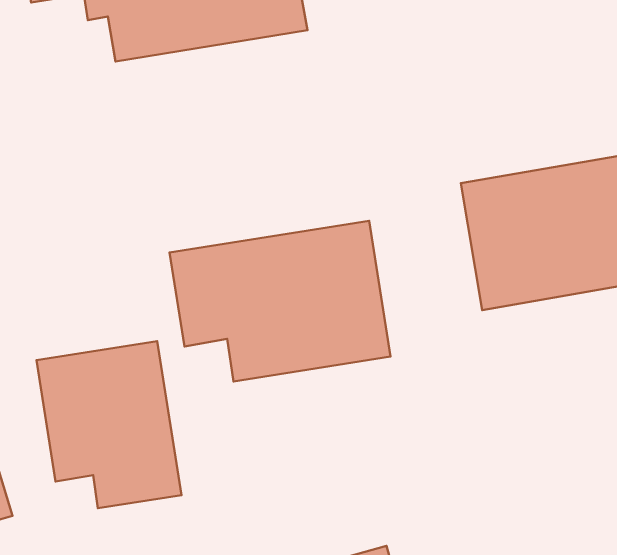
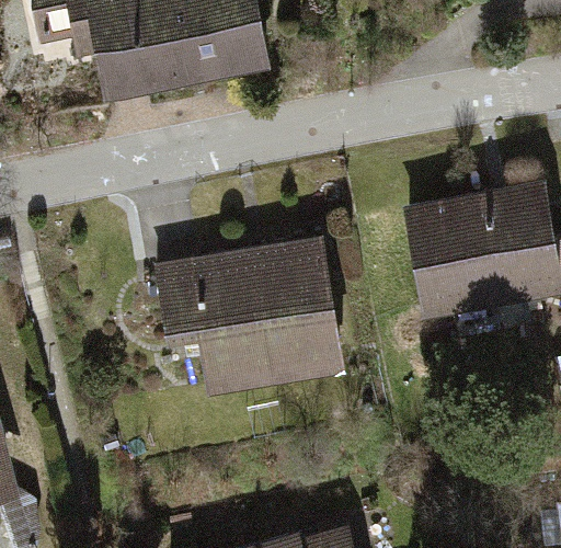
building: [37,341,182,508] -> none

